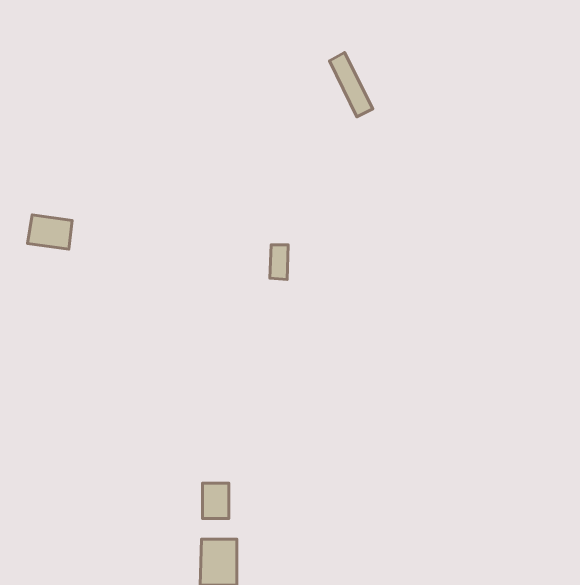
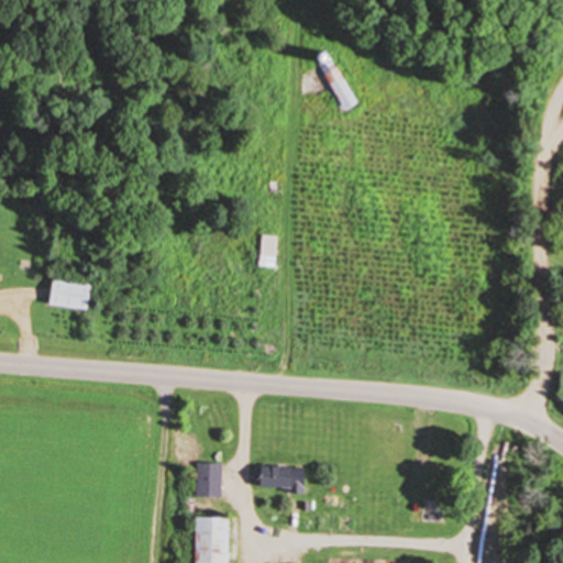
building: [28,215,72,249] -> [49,278,92,311]
building: none -> [258,466,306,489]

